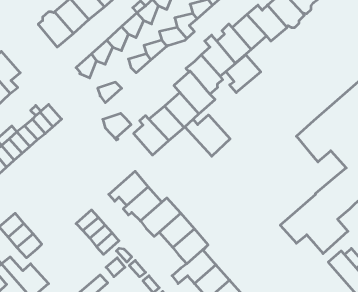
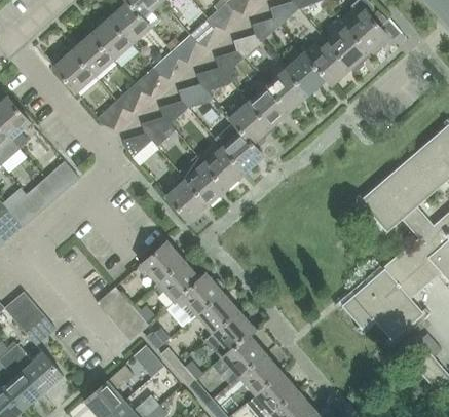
building: [226,55,261,93] -> none
building: [103,113,131,140] -> [141,117,175,149]
building: [185,115,230,156] -> none

